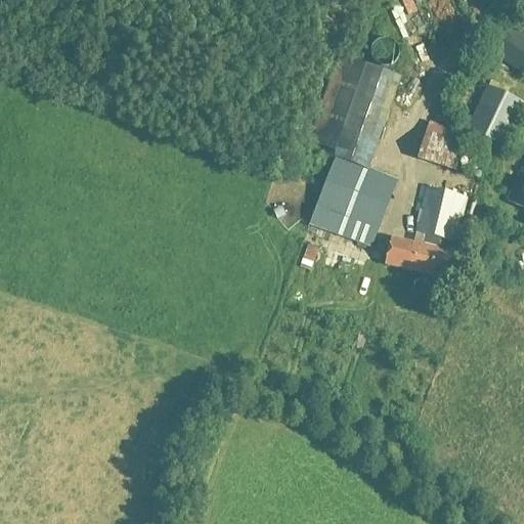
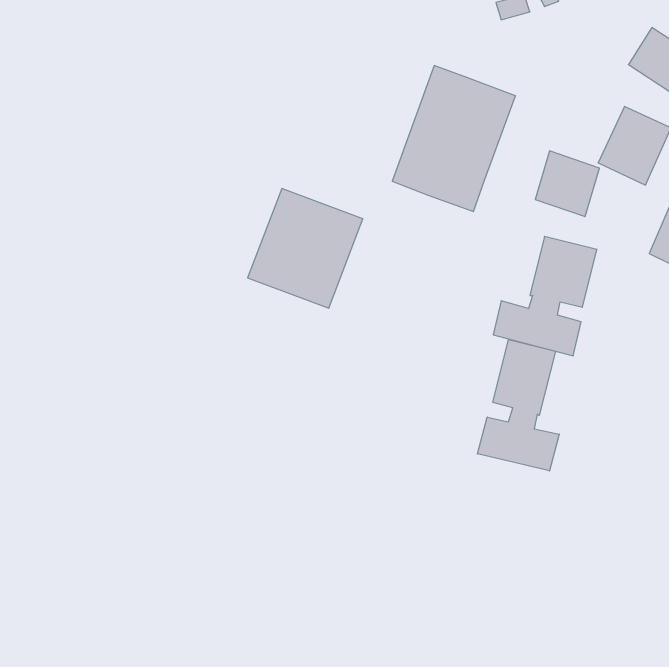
building: [309,152,399,246] -> [248,189,363,308]
building: none -> [477,339,559,471]

